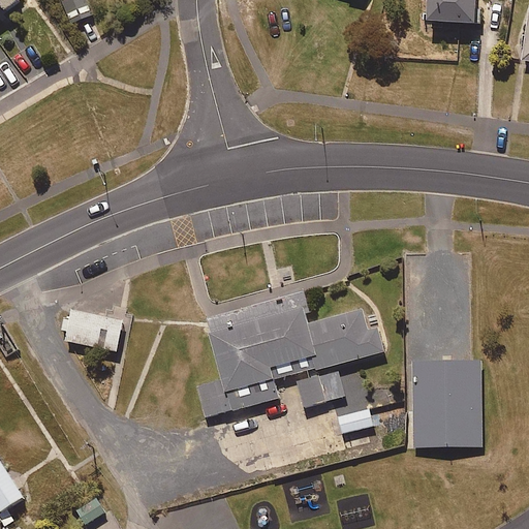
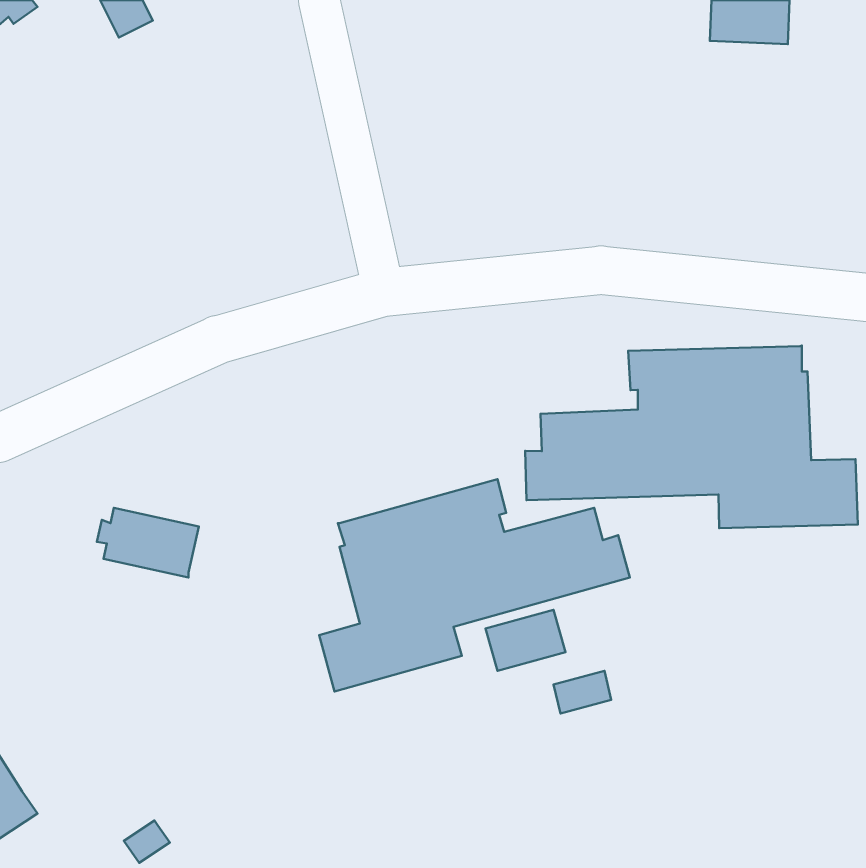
building: none -> [525,345,858,528]
building: [411,359,481,433] -> none

